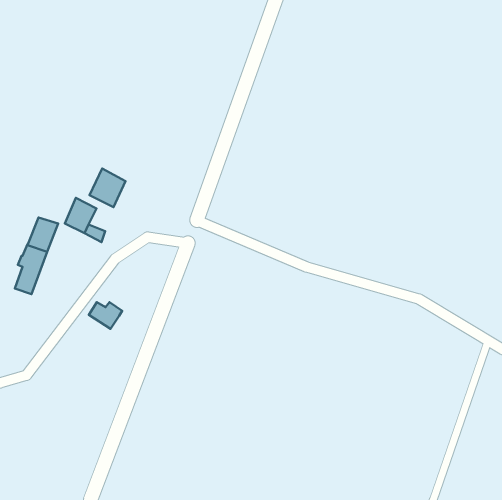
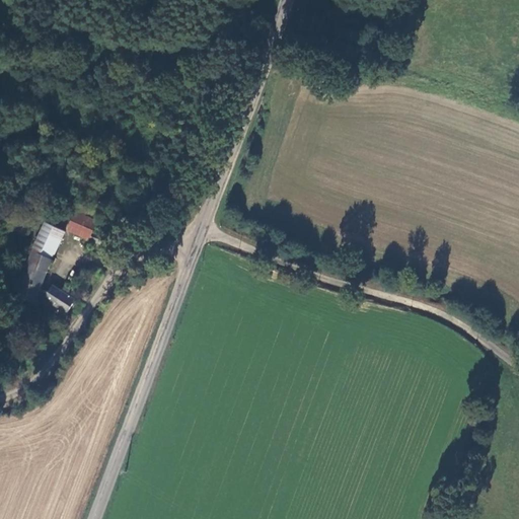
building: [89,169,125,207] -> none
building: [89,302,122,329] -> [42,287,76,314]

